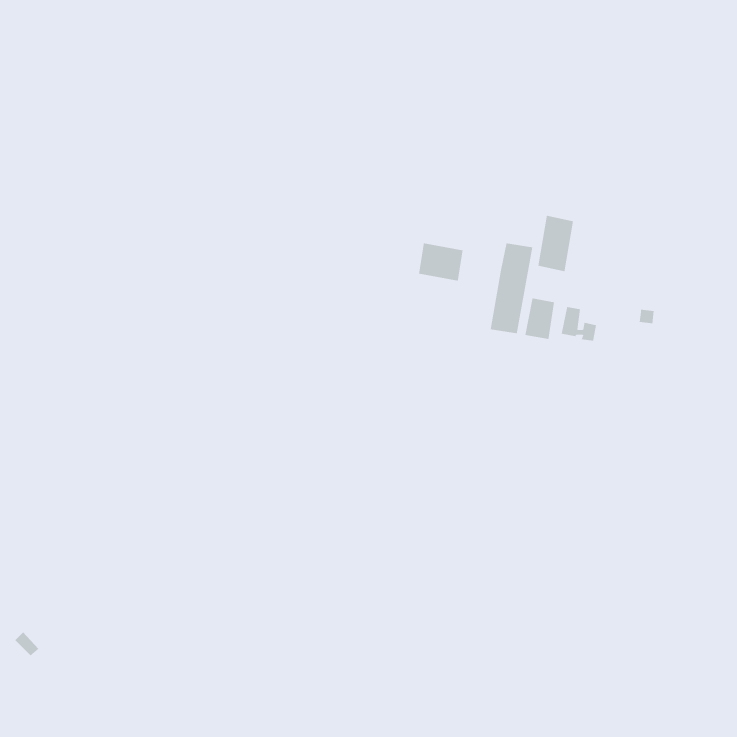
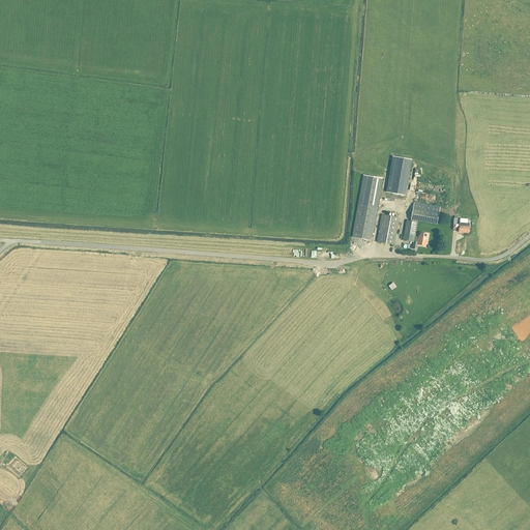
building: [419,243,463,281] -> none
building: none -> [410,201,439,223]

